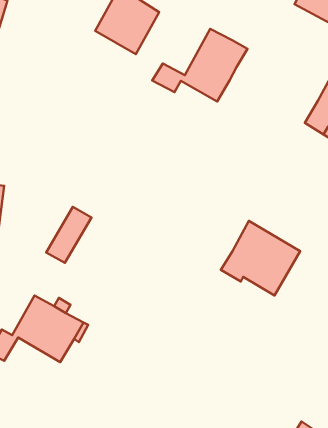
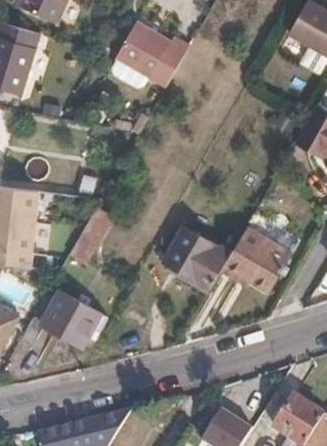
building: [152,29,247,101] -> none
building: none -> [167,225,233,289]

